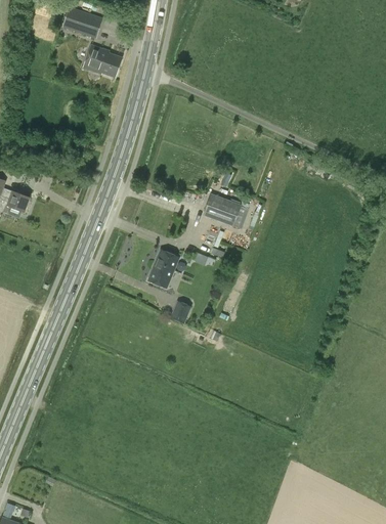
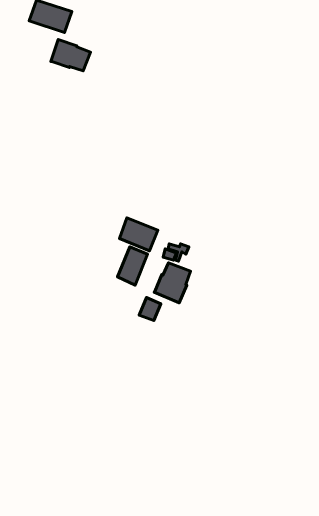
building: [204,193,242,226] -> [120,218,158,251]
building: none -> [154,263,191,303]

